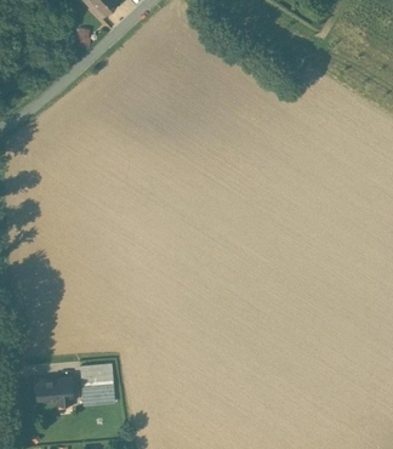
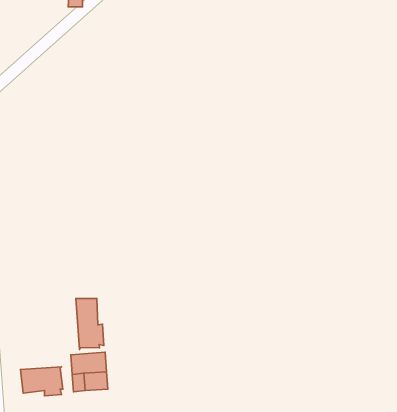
building: none -> [76,298,104,349]

